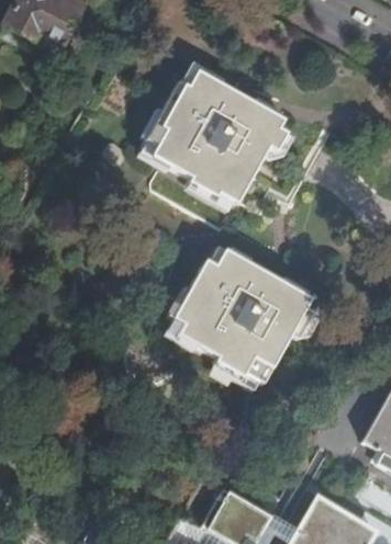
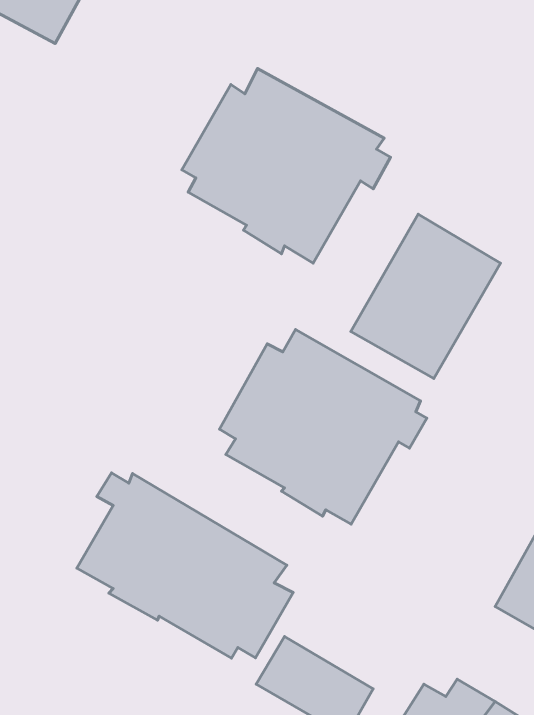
building: none -> [351,214,501,378]
building: none -> [77,473,293,658]

